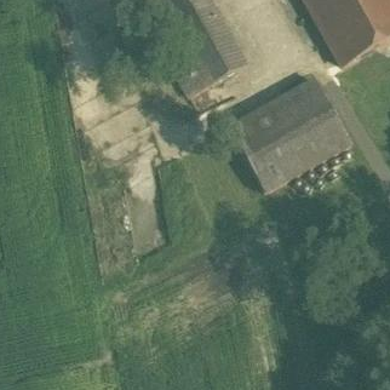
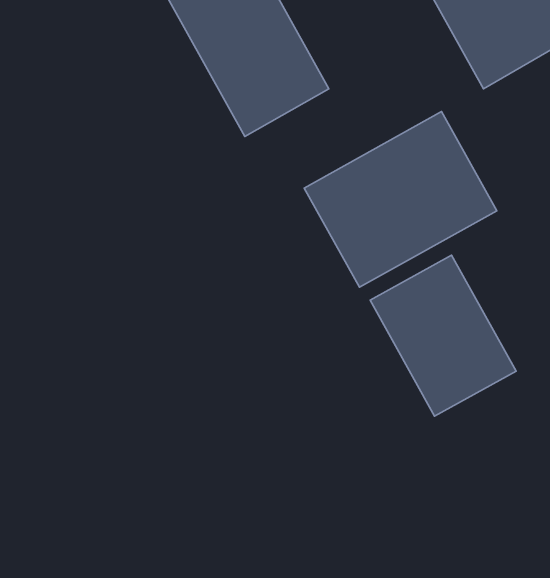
building: none -> [370,255,516,416]

